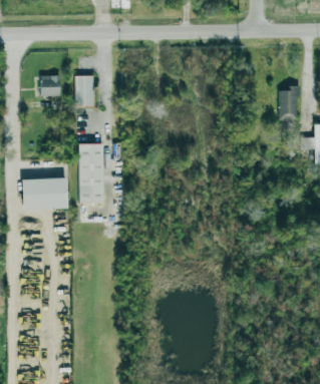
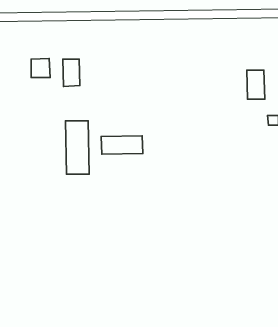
building: none -> [101,136,143,154]
building: [20,178,66,210] -> none

